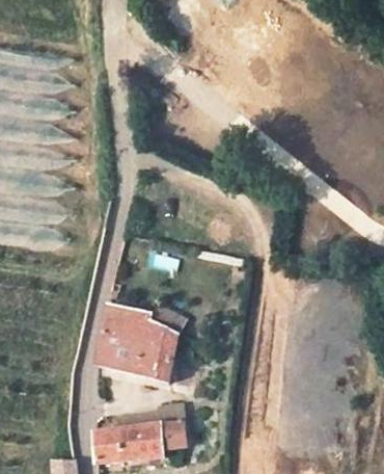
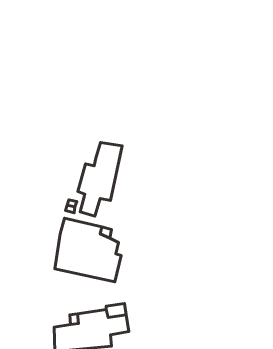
building: none -> [78,142,122,216]

